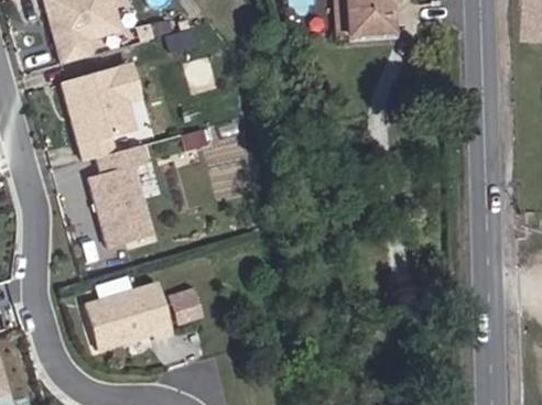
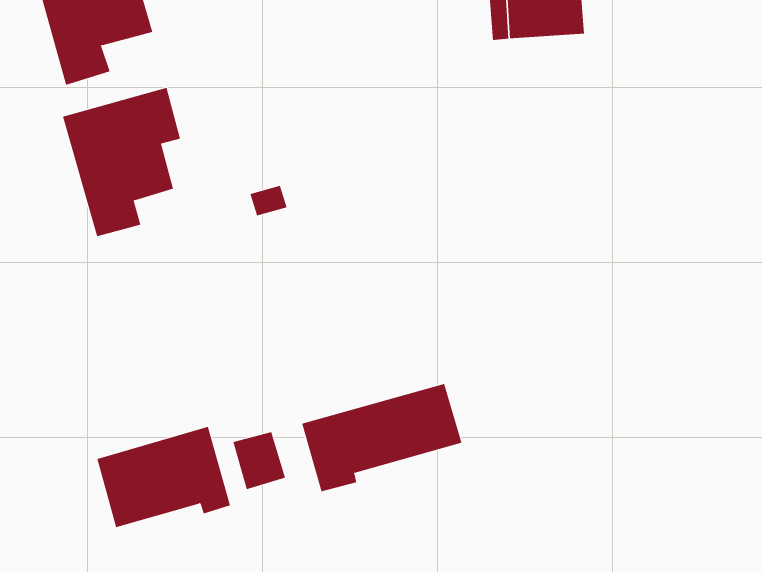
building: [89,145,152,248] -> none
building: none -> [302,383,462,492]

